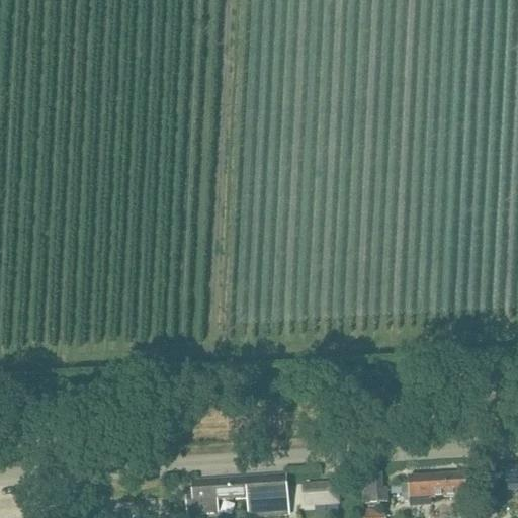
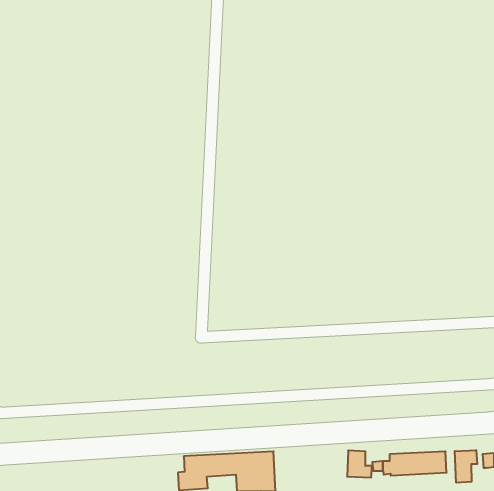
building: none -> [455,450,477,483]
building: [303,483,337,505] -> none

